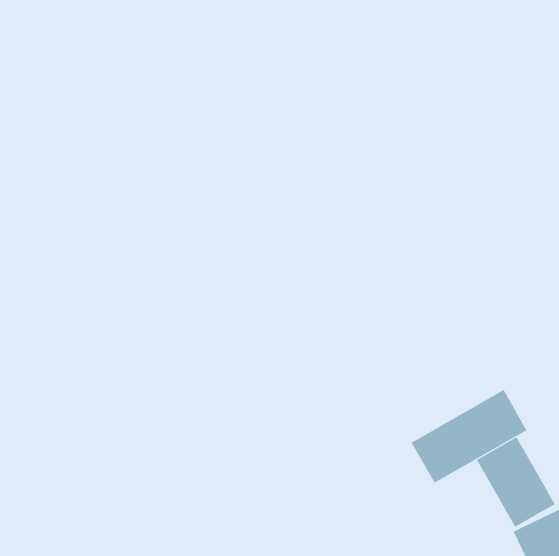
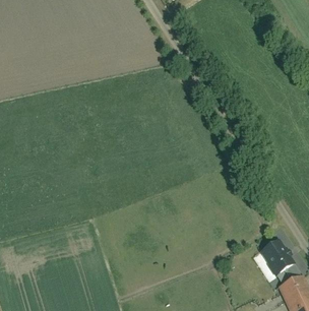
building: [411,389,527,484] -> none

